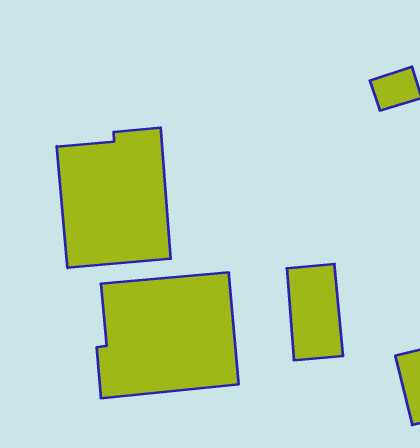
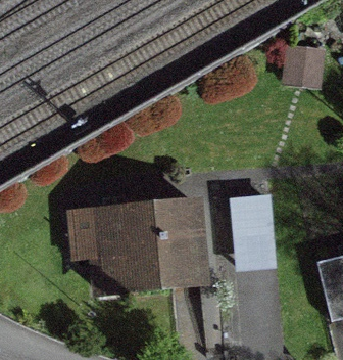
building: [57,128,171,268] -> none

